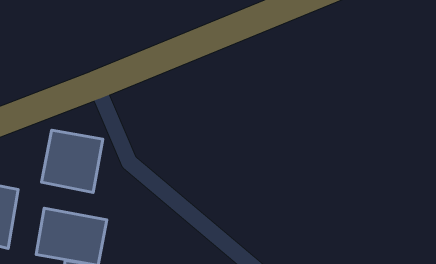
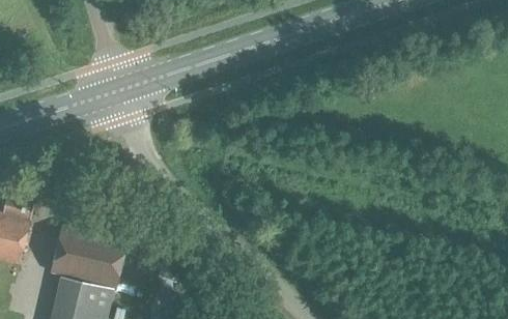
building: [42,130,103,192] -> none

